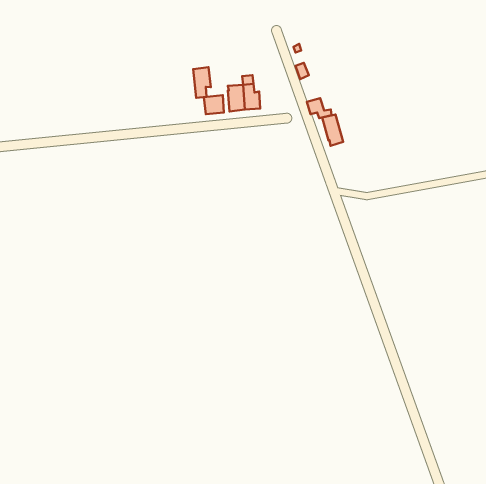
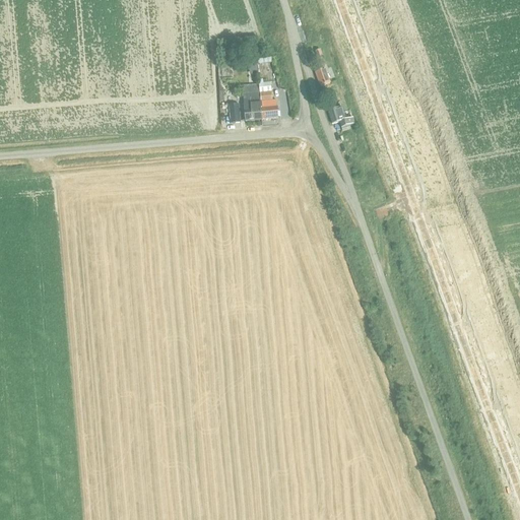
building: [193,67,211,98] -> none
building: [322,115,343,146] -> none

